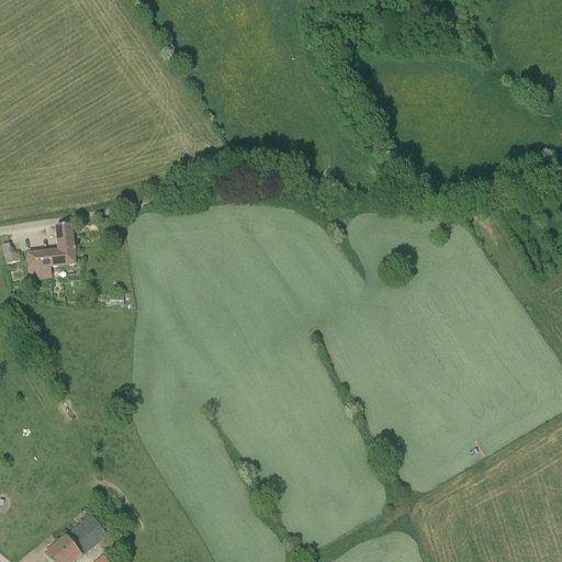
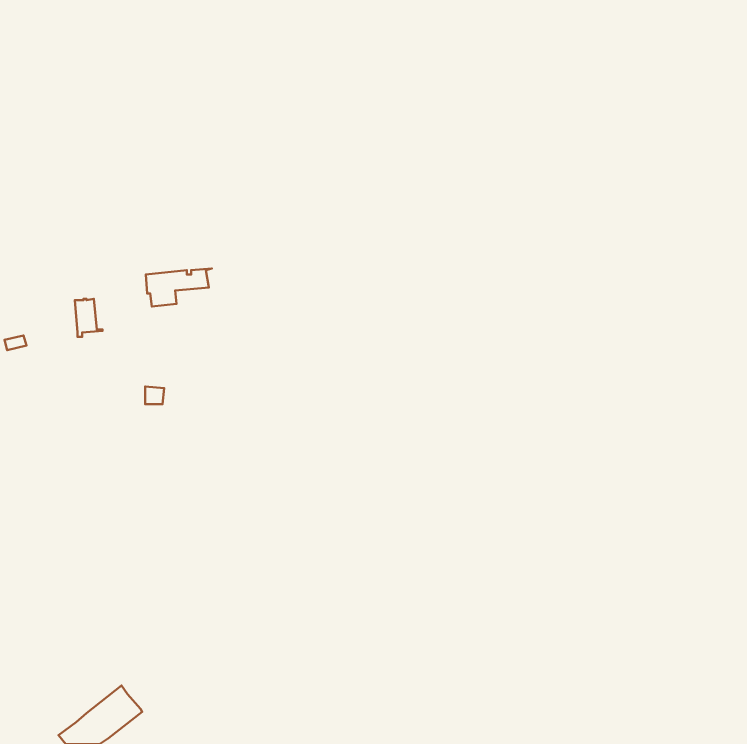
building: [27,248,77,277] -> [146,269,212,307]

